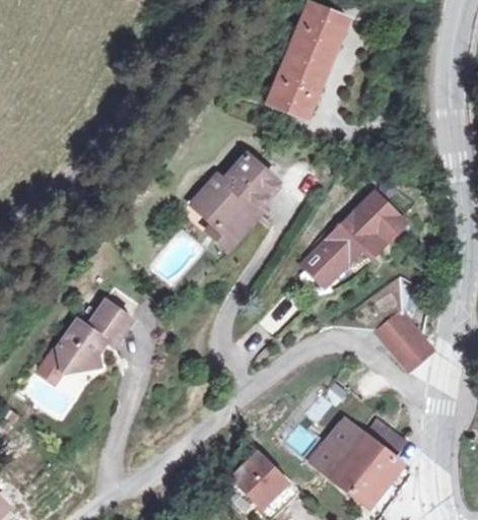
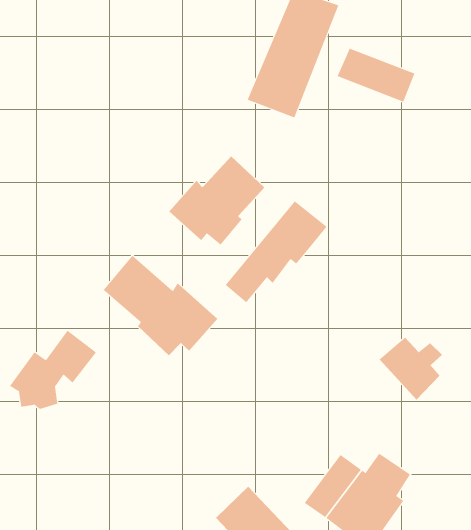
building: none -> [337,48,415,103]
building: [305,195,397,286] -> [225,201,327,303]
building: none -> [103,255,218,356]

